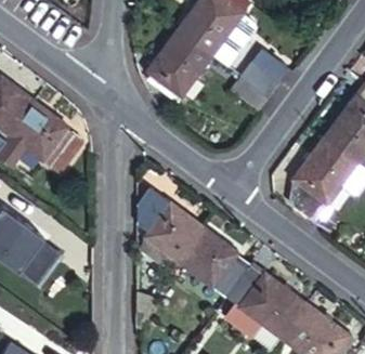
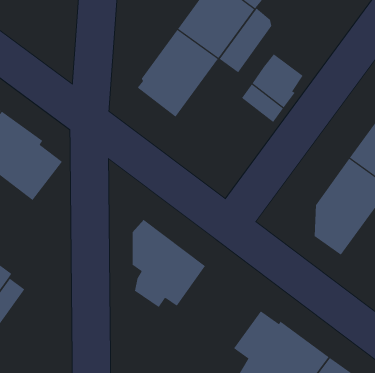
building: [179,227,248,296] -> none

